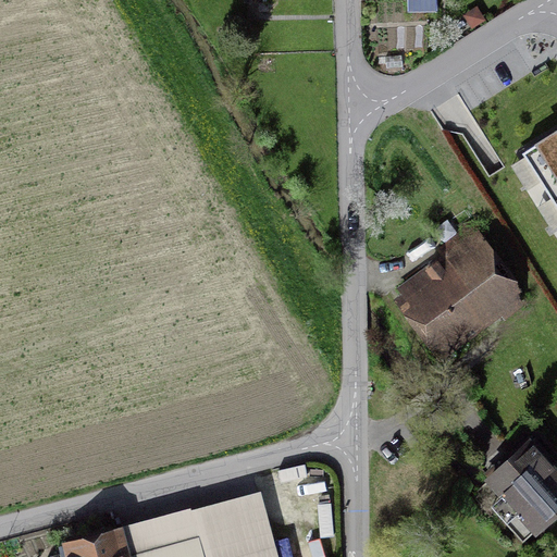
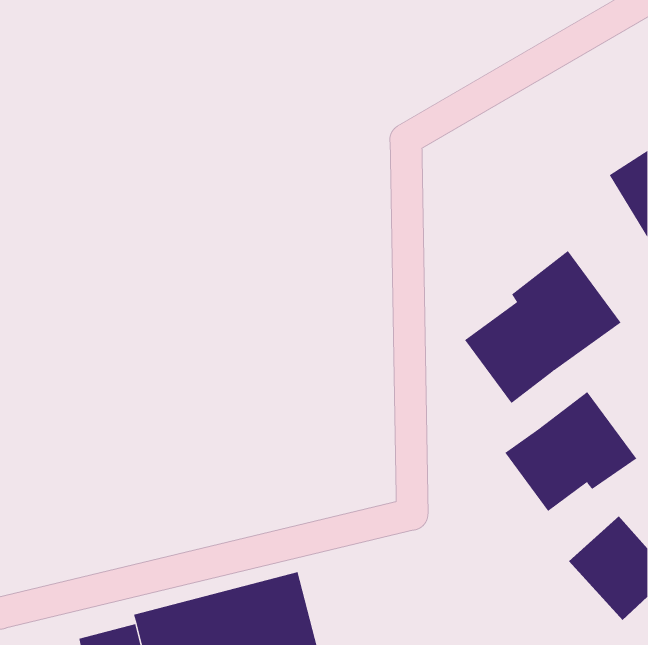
building: none -> [504,391,637,512]

